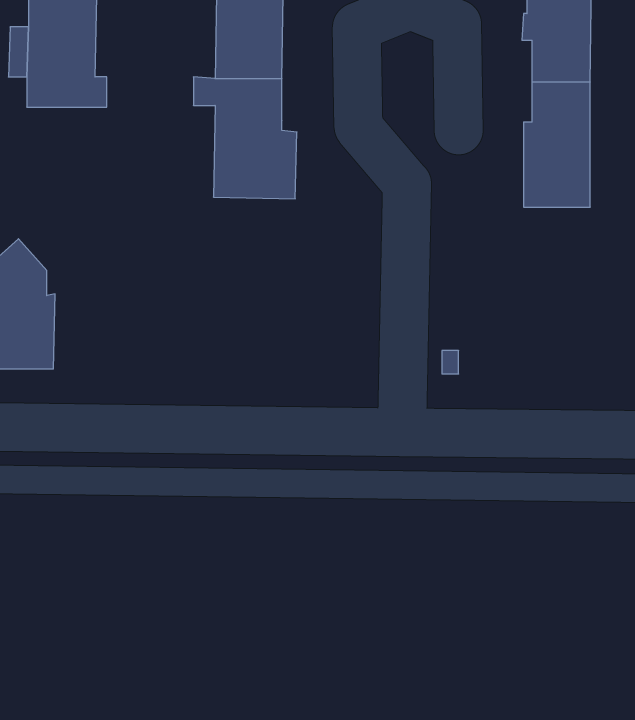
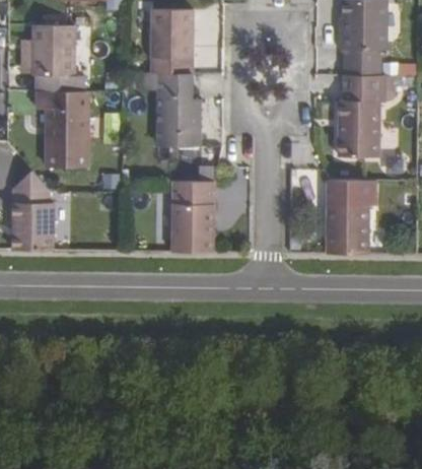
building: none -> [37,89,88,166]
building: none -> [327,179,374,253]
building: none -> [171,180,213,251]

